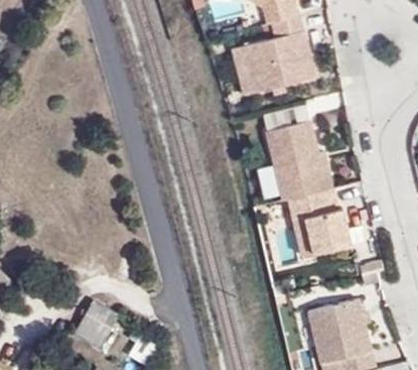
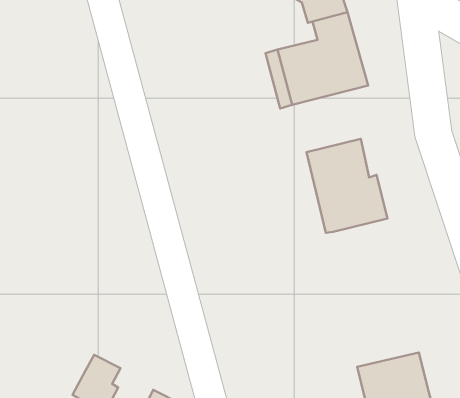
building: [288,189,353,258] -> none

